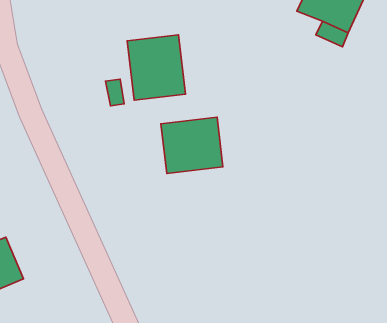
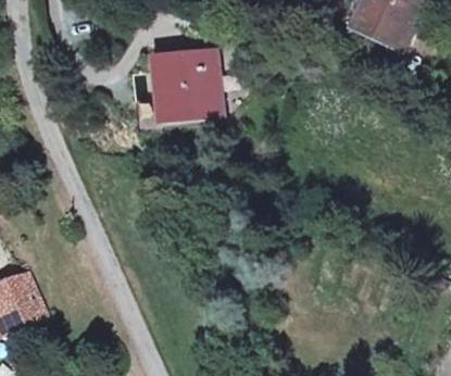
building: [161,117,223,173] -> none

